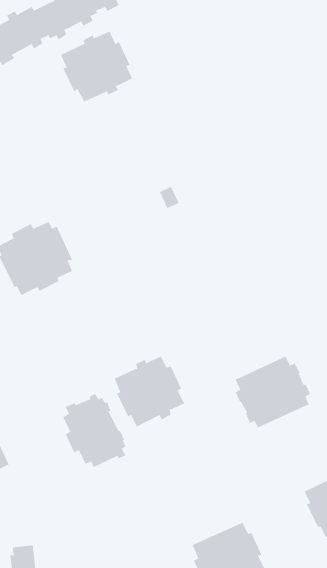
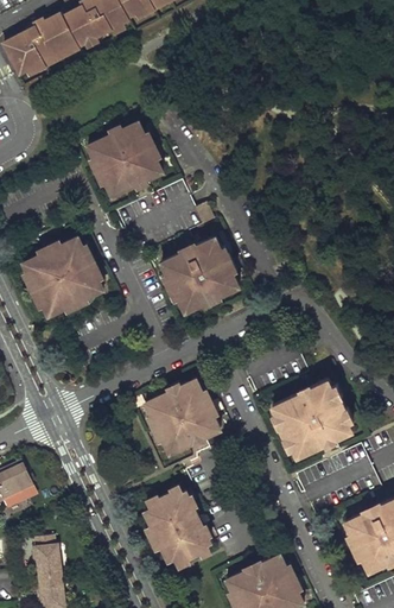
building: [60,31,133,102] -> [85,122,161,197]
building: none -> [160,238,237,312]
building: [63,393,126,468] -> [144,487,210,565]
building: none -> [31,537,61,581]

